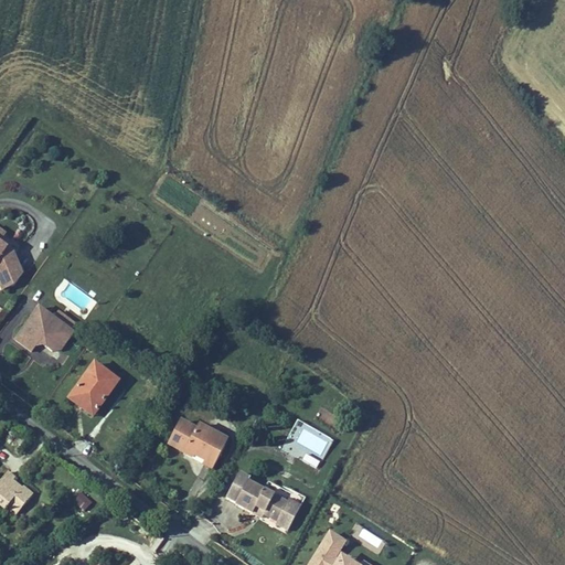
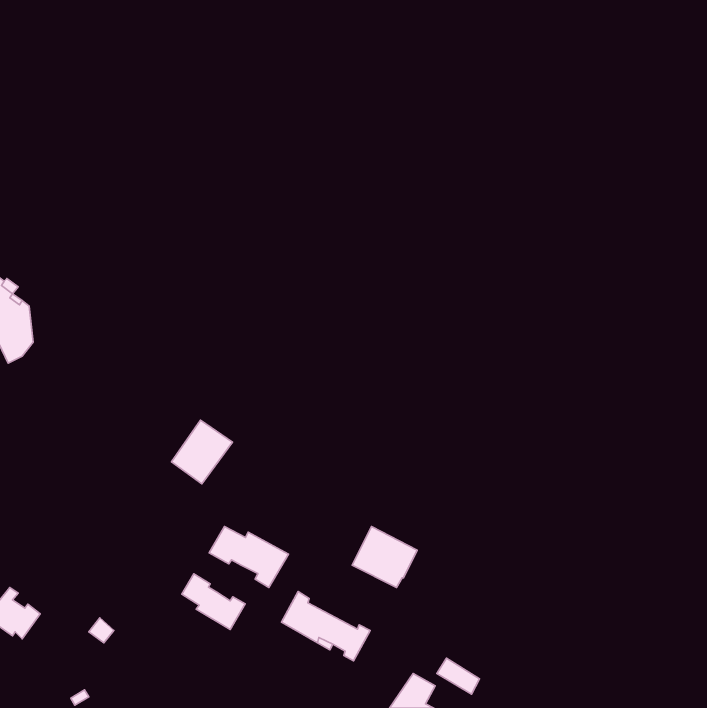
building: [18,305,76,350] -> none
building: [70,363,118,414] -> [171,420,232,484]
building: none -> [182,574,245,630]

